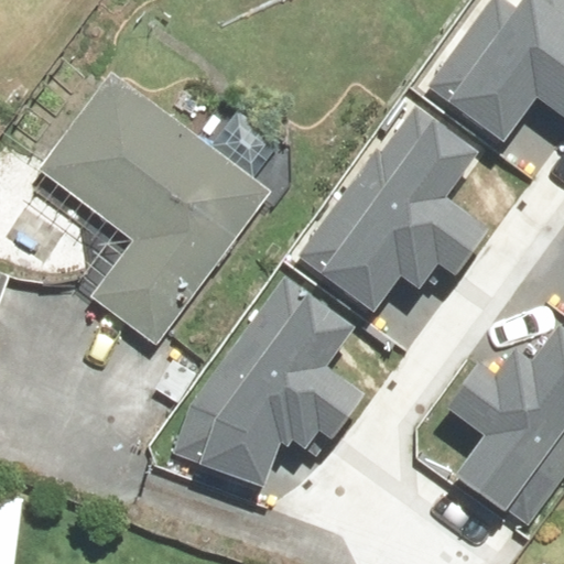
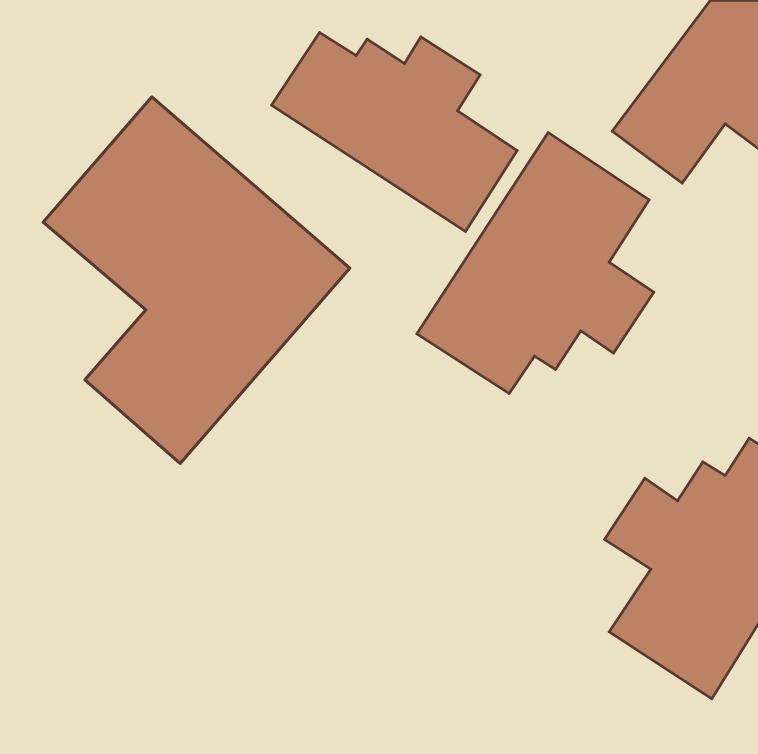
building: none -> [271,32,517,231]
building: [172,271,366,484] -> none

